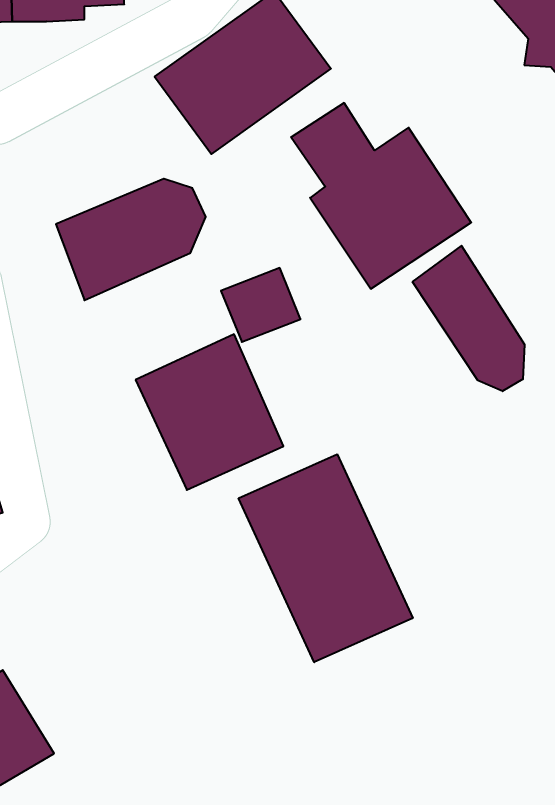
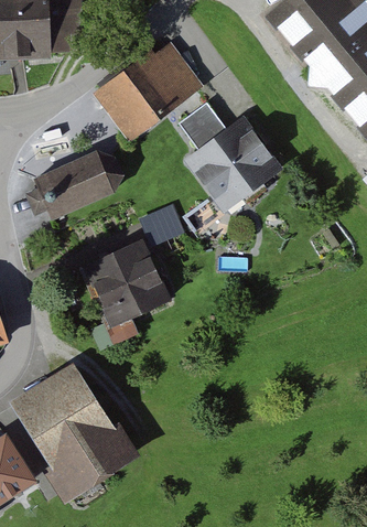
building: [413,246,525,391] -> none
building: [239,454,413,662] -> none
building: none -> [11,359,133,494]

